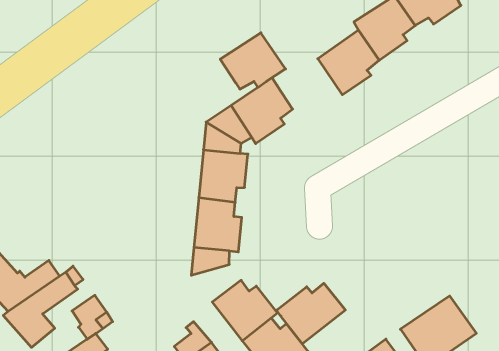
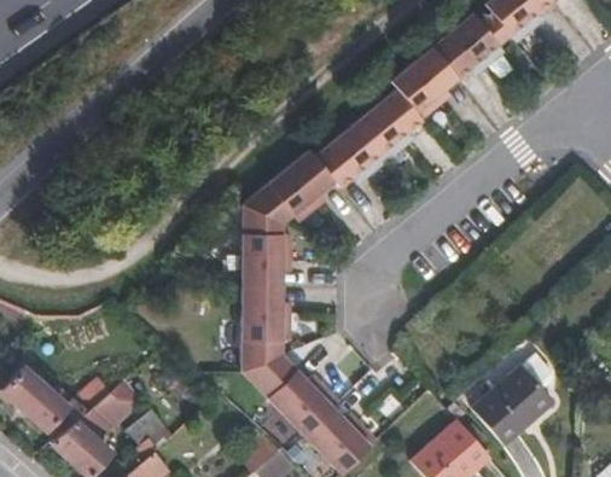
building: [220,33,286,89] -> [315,126,386,188]
building: none -> [243,356,297,399]
building: [277,283,345,344] -> none

